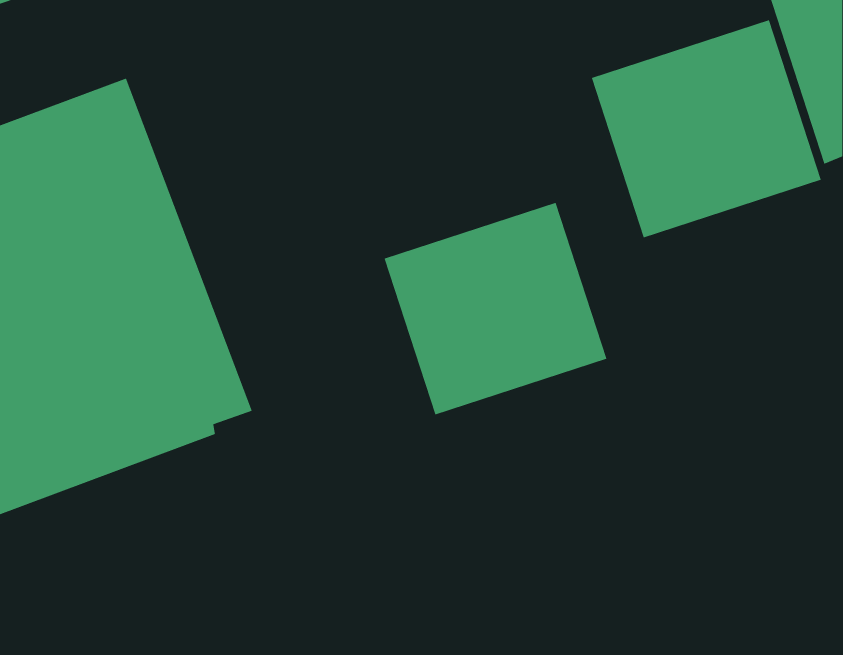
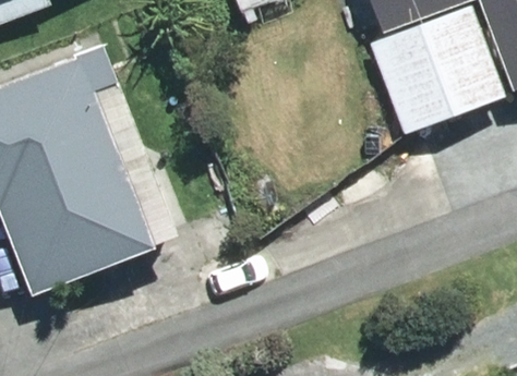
building: [383,202,608,416] -> none

